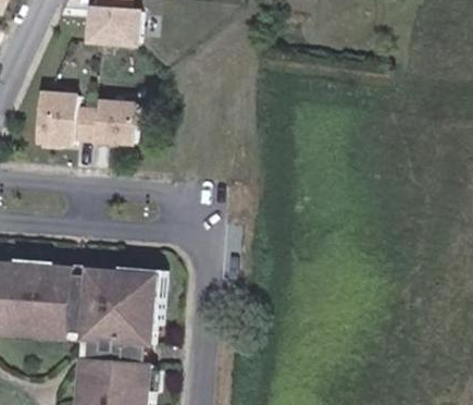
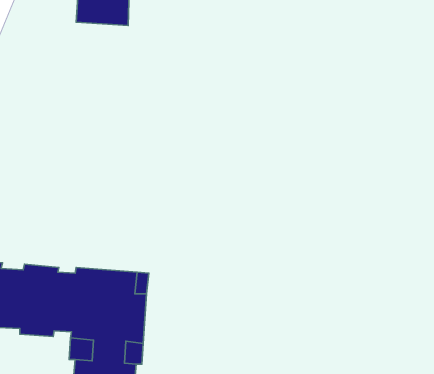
building: [39,90,135,144] -> none

